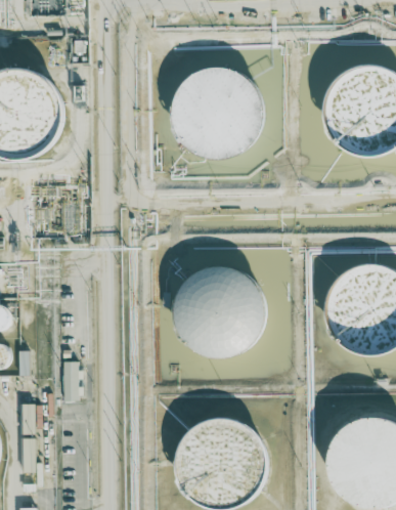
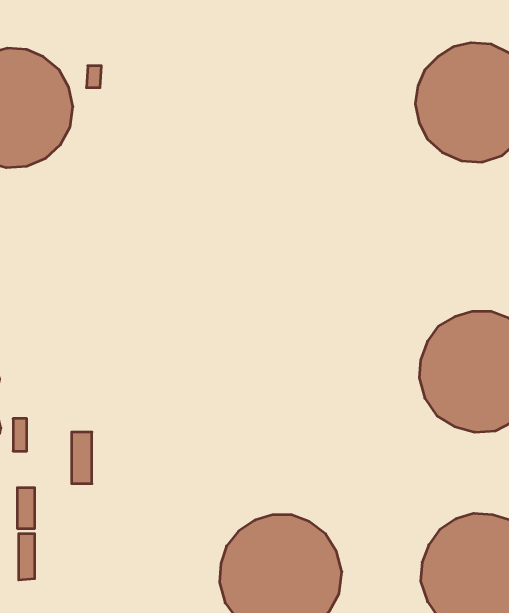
building: [172,67,262,158] -> none
building: [172,266,264,357] -> none

